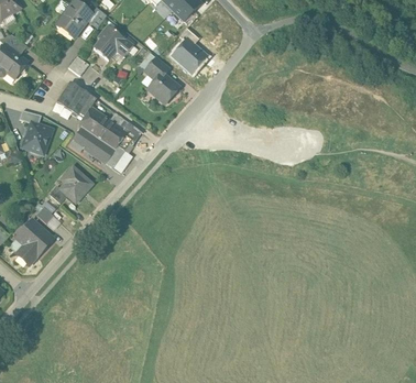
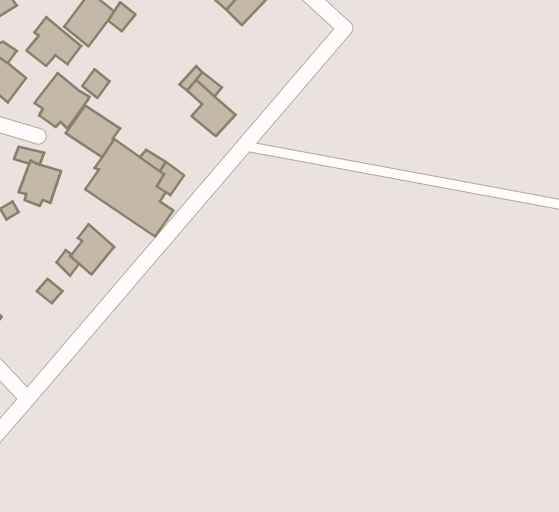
building: [94,23,133,58] -> [27,17,81,66]
building: [171,28,209,74] -> none
building: none -> [35,73,90,129]
building: [15,219,53,264] -> none

